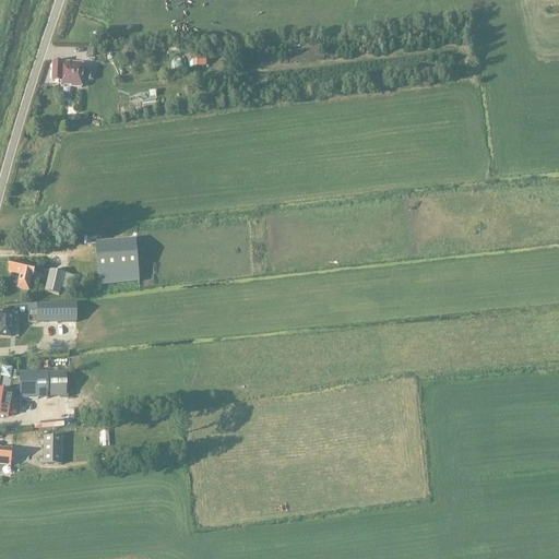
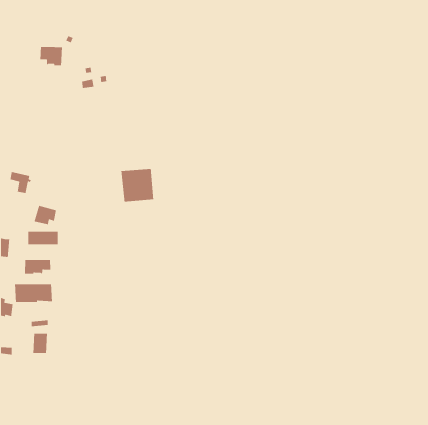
building: [95,238,139,283] -> [121,168,154,202]
building: [7,259,36,288] -> [9,171,32,194]
building: none -> [24,259,51,275]

